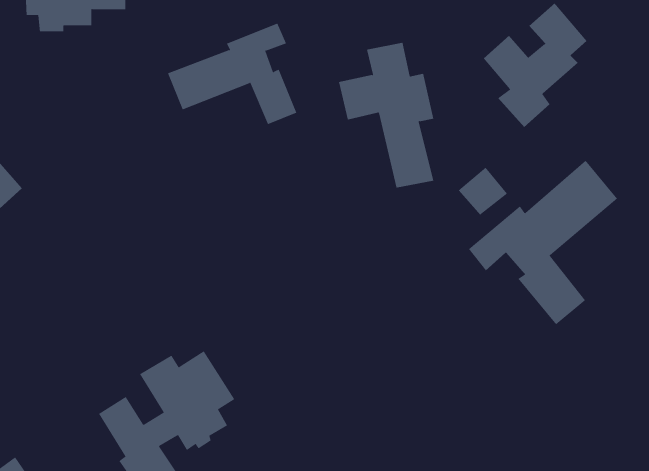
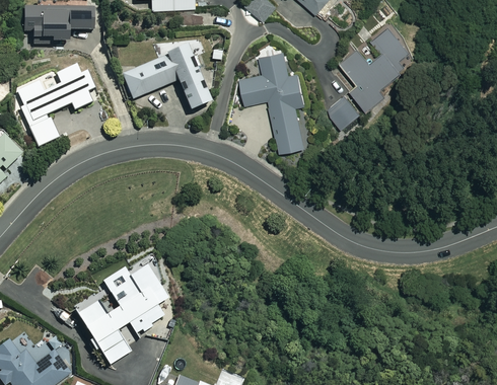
building: none -> [16,64,98,146]
building: [468,160,618,325] -> none
building: [458,167,508,215] -> [326,95,360,129]

